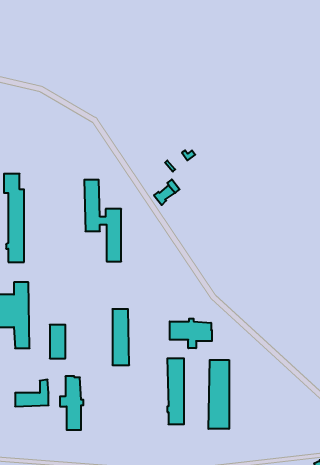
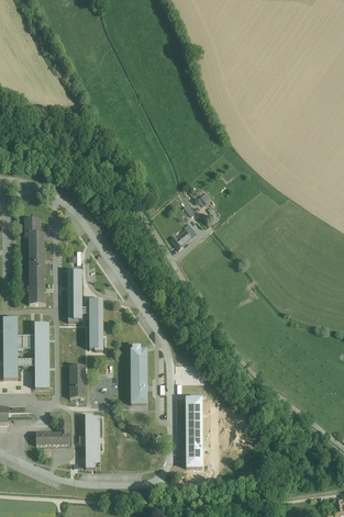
building: [84,180,121,261] -> [67,271,103,351]
building: [170,319,212,348] -> none
building: [208,360,229,429] -> none

